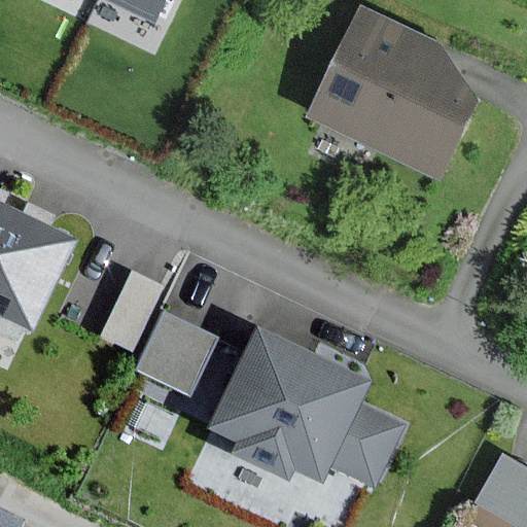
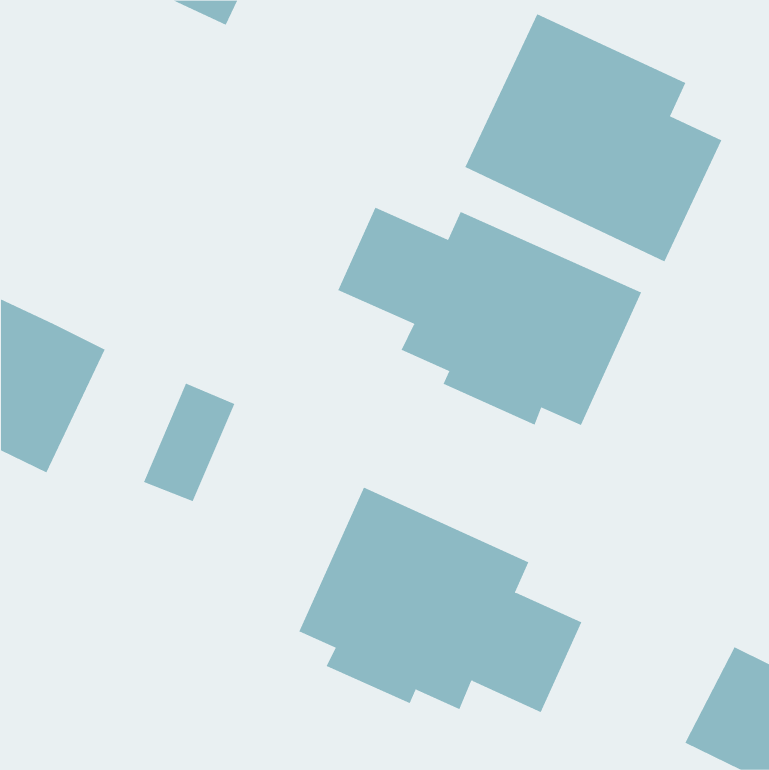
building: none -> [338,207,642,426]
building: [137,319,211,399] -> none

